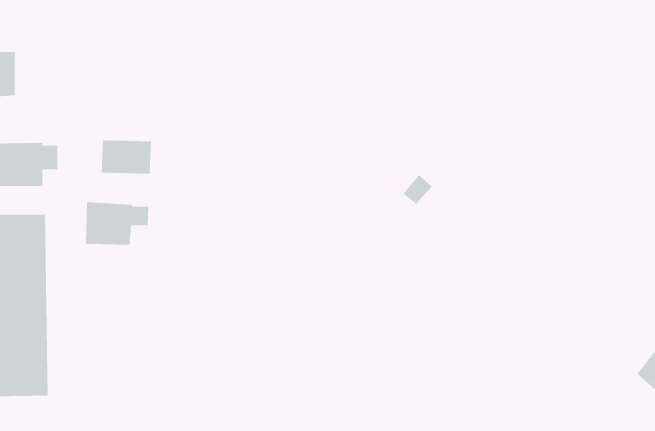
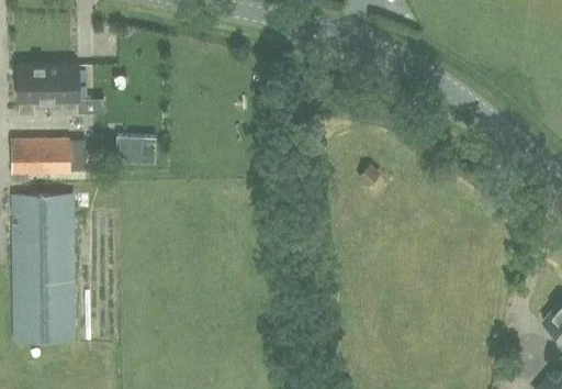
building: none -> [48,64,79,113]
building: [85,201,149,246] -> none

